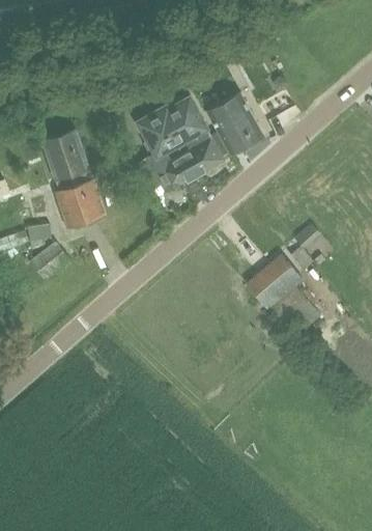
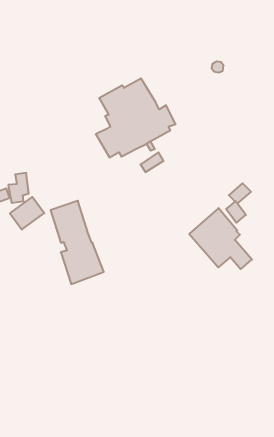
building: [205,92,262,155] -> none
building: [42,128,107,228] -> [51,201,104,284]

